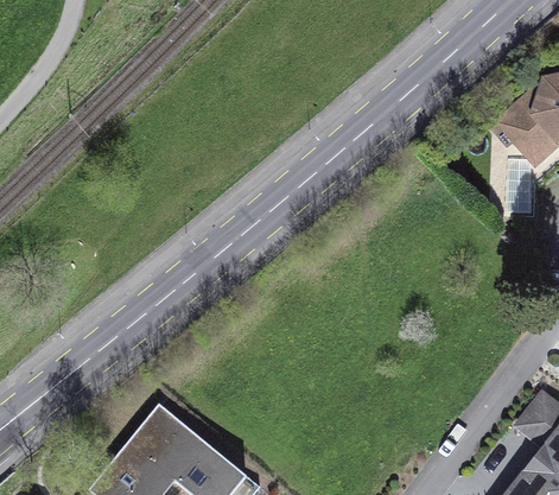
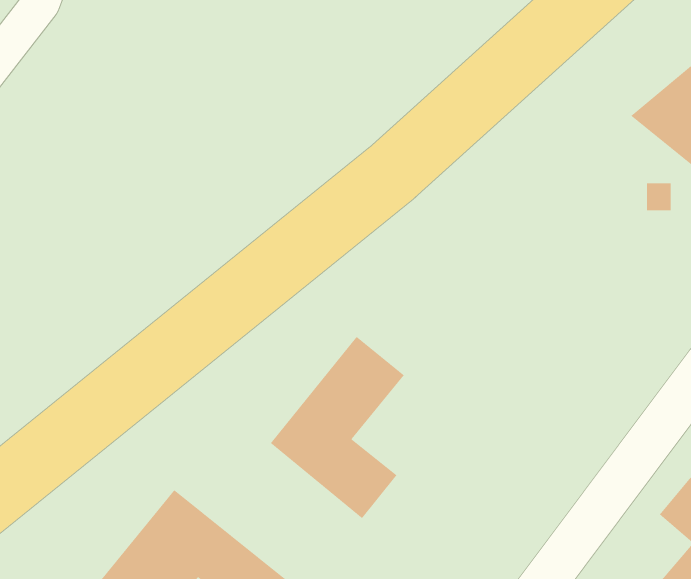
building: none -> [270,336,405,519]

